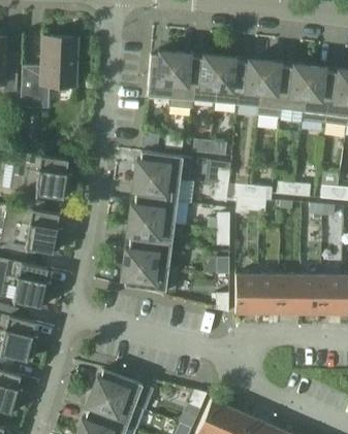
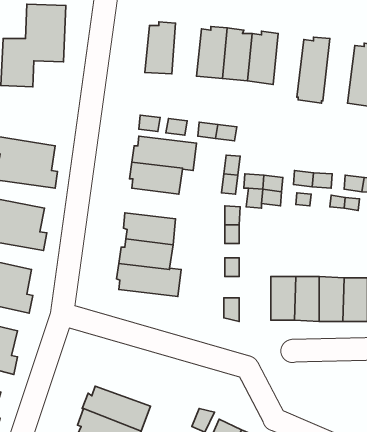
building: [169,53,196,109] -> none
building: [258,62,286,118] -> none
building: [303,66,330,123] -> none
building: [129,197,177,224] -> none
building: [235,274,257,312] -> none

